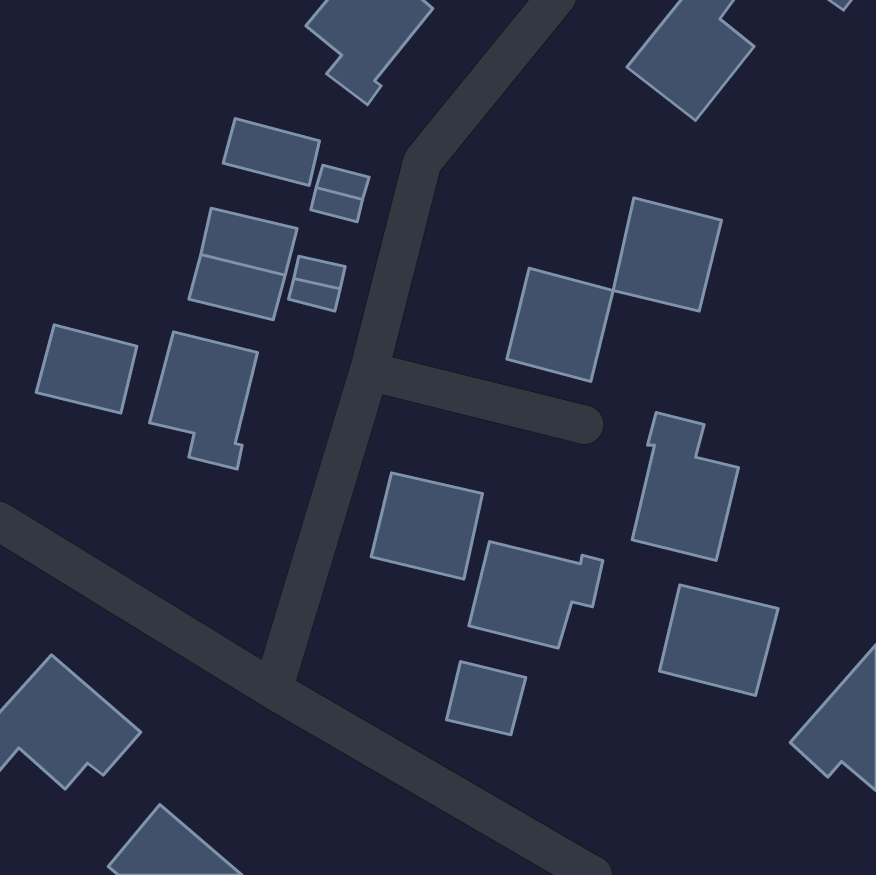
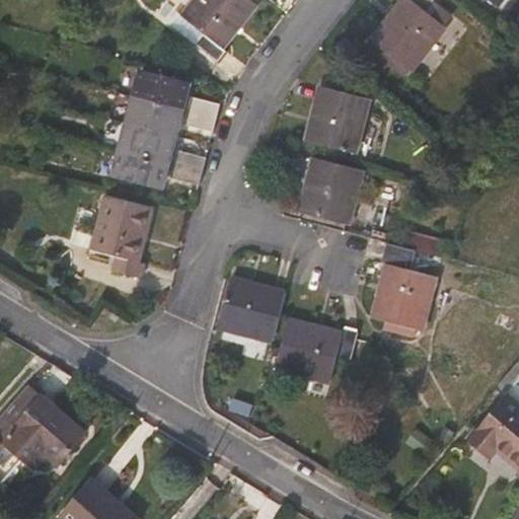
building: none -> [125,96,182,135]
building: [613,198,721,311] -> [306,86,370,153]
building: [36,325,137,413] -> none
building: [660,585,778,696] -> none
building: [447,661,526,735] -> none

